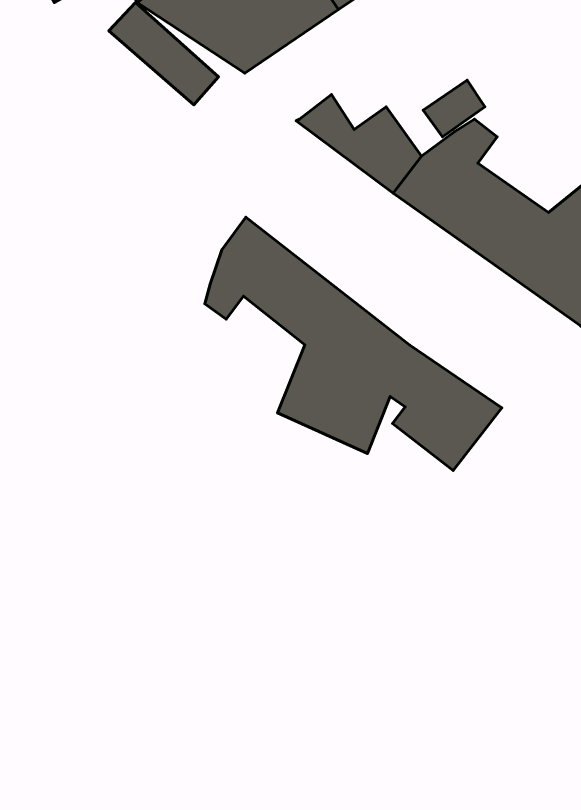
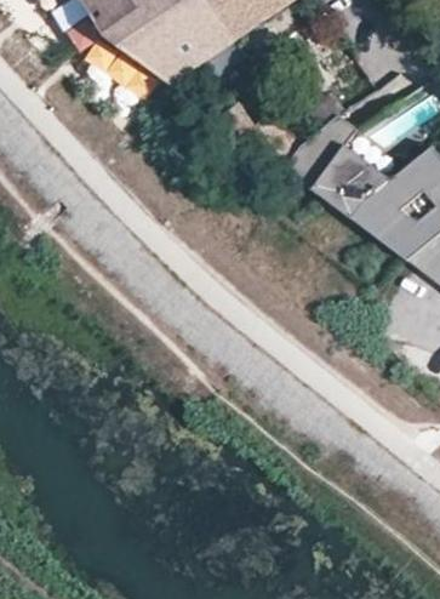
building: [205,217,502,471] -> none

